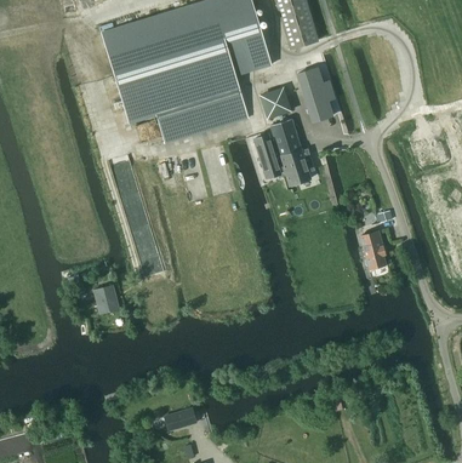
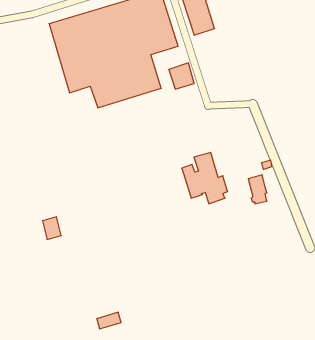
building: [297,67,333,121] -> none
building: [253,118,313,184] -> [182,152,228,204]

